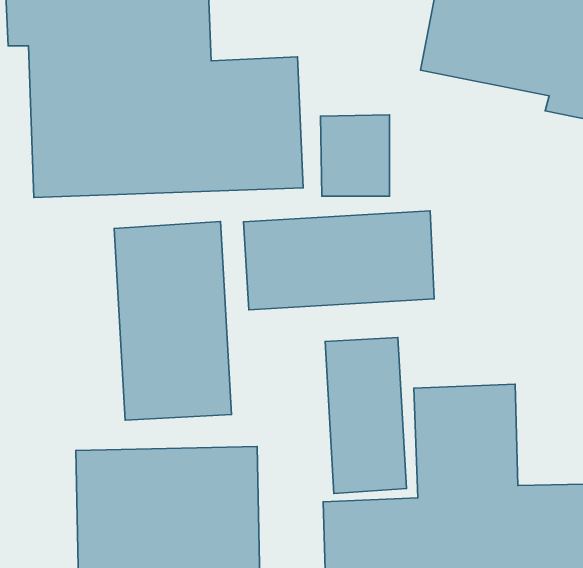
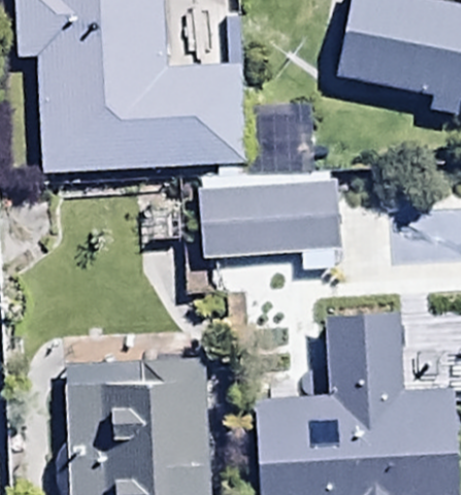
building: [114,221,232,420] -> none
building: [325,338,406,494] -> none

